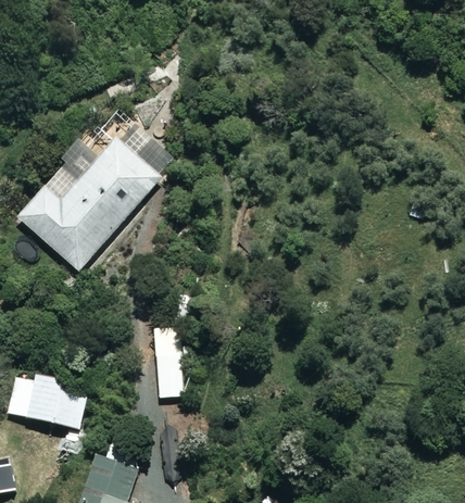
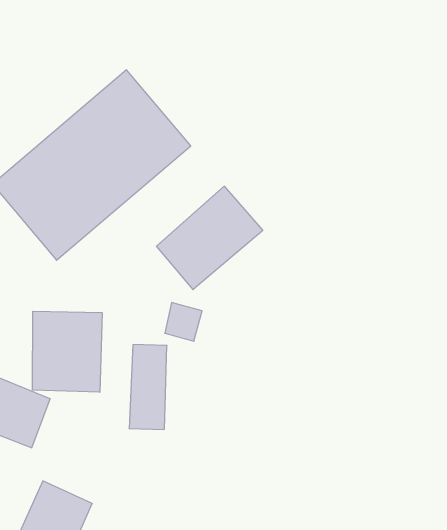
building: none -> [157,186,263,290]
building: none -> [33,311,102,392]

